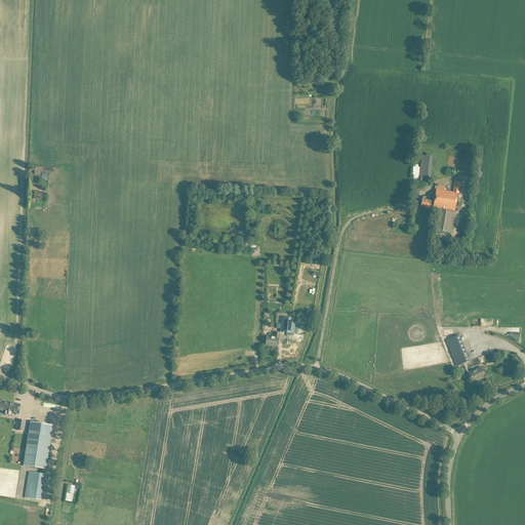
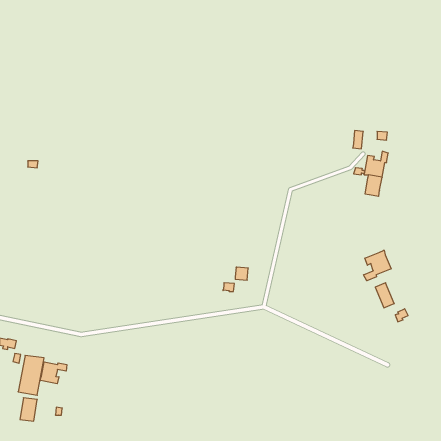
building: none -> [364,250,391,281]
building: none -> [40,362,67,384]

